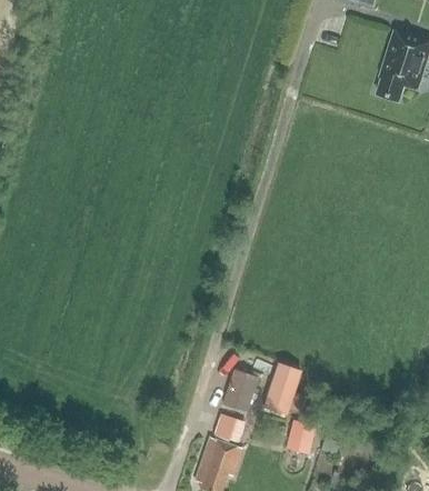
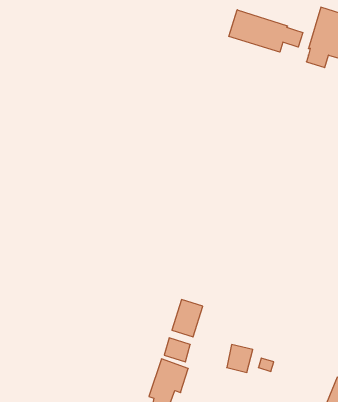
building: none -> [229,10,303,52]
building: [261,361,307,413] -> none

